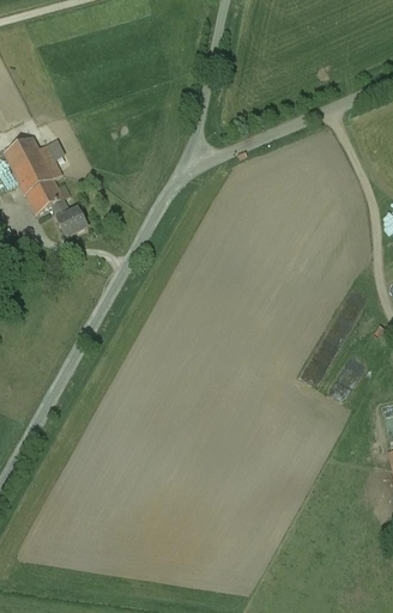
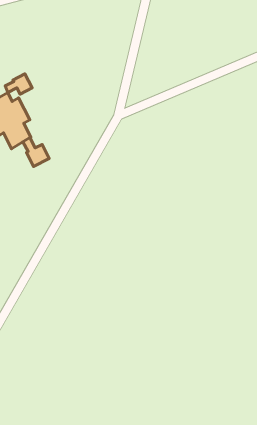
building: none -> [5,74,32,94]

